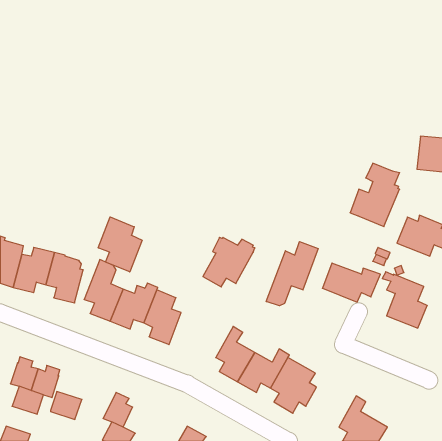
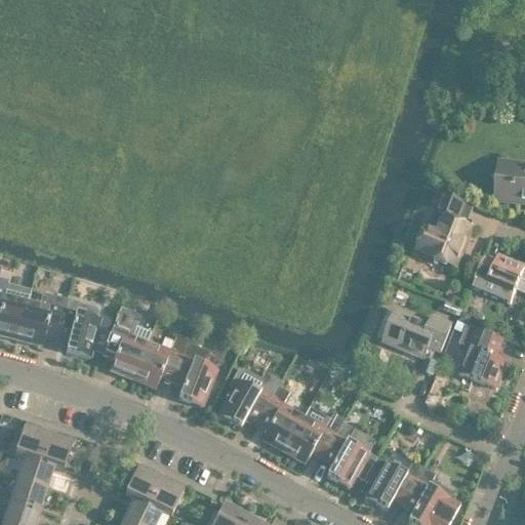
building: [98,217,142,272] -> none
building: [203,237,255,287] -> [217,368,279,427]
building: [266,242,318,306] -> none
building: none -> [363,457,422,510]
building: [51,392,82,419] -> [8,480,45,513]
building: none -> [147,478,184,516]

